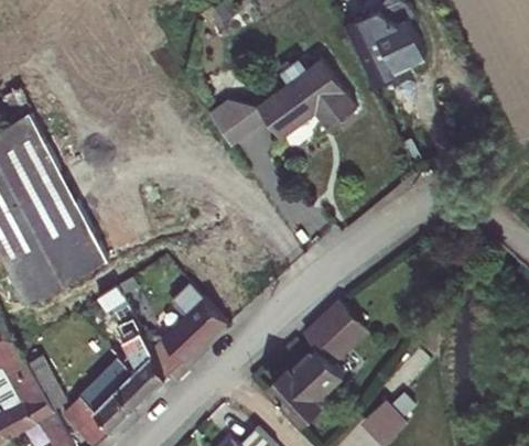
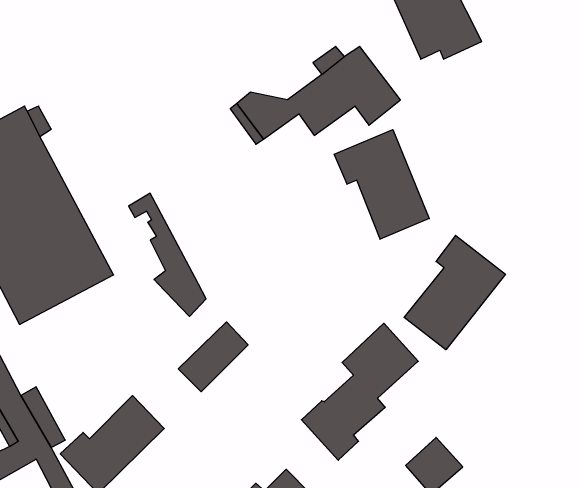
building: none -> [334,130,429,239]
building: none -> [404,235,505,350]
building: [97,286,164,393] -> [129,193,206,316]

